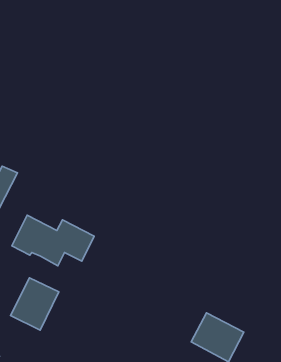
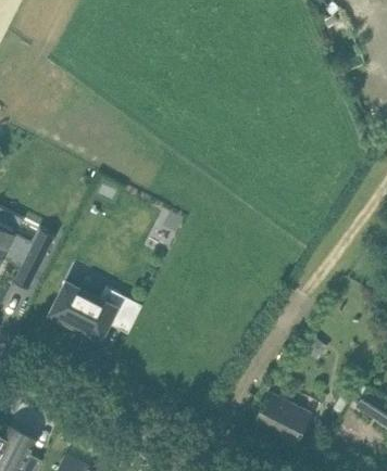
building: [11,278,59,330] -> none

